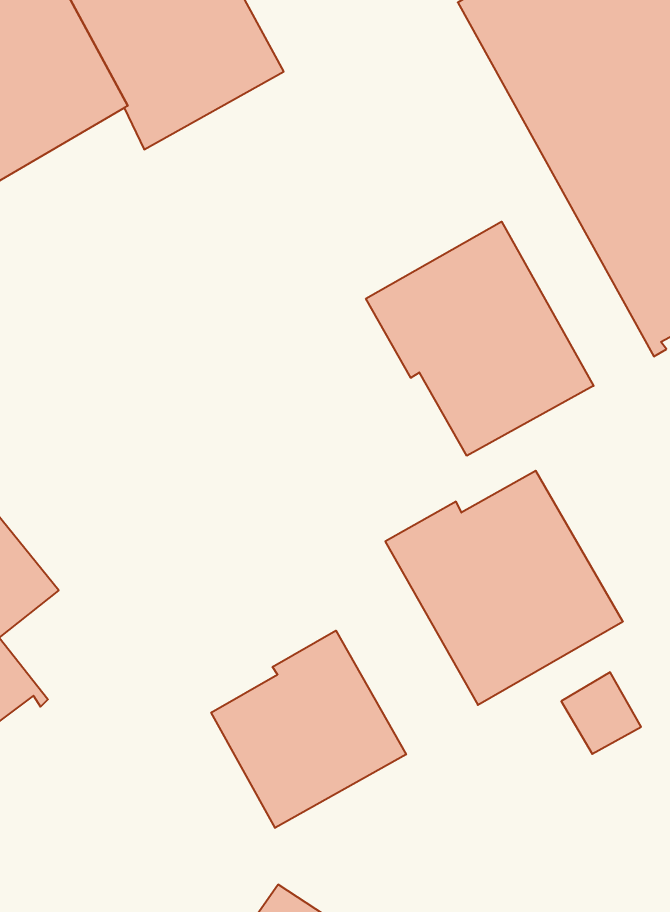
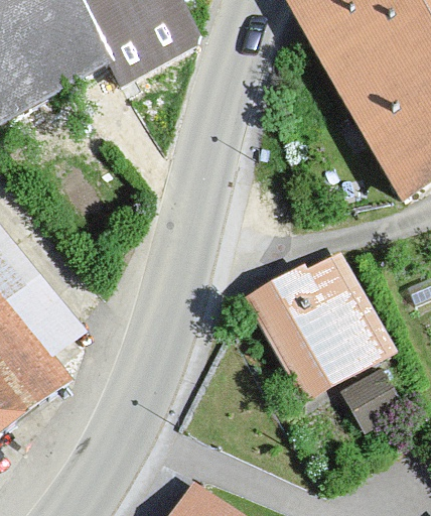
building: [366,222,594,456] -> none
building: [211,631,406,828] -> none

